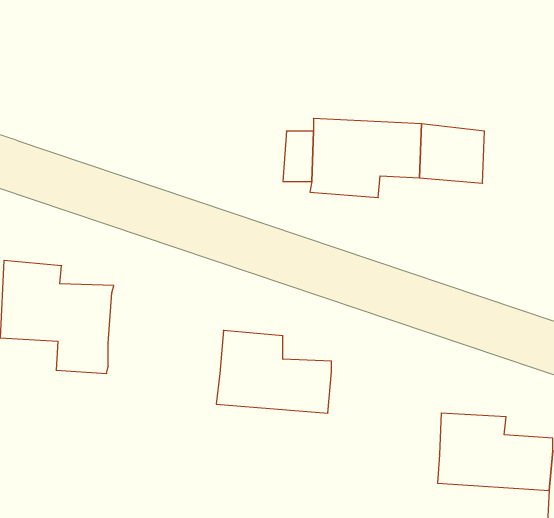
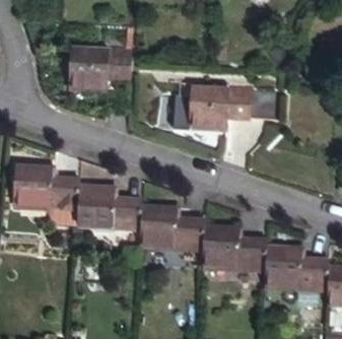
building: none -> [71,45,133,88]
building: none -> [76,181,141,226]
building: none -> [200,225,264,272]

